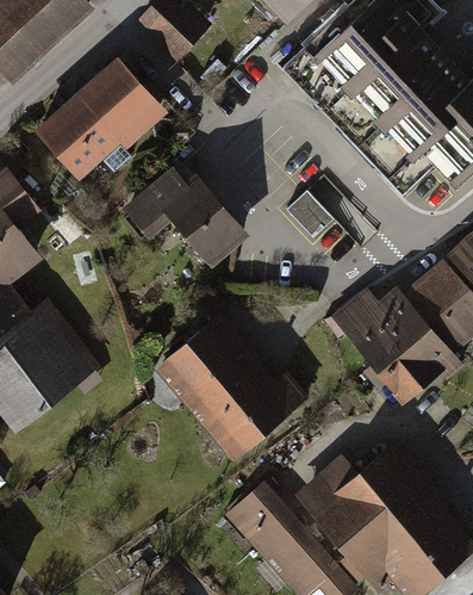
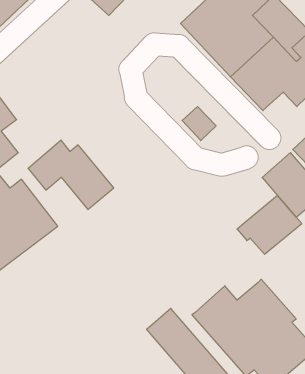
building: [33,56,167,180] -> none
building: [123,166,249,268] -> [28,140,114,210]
building: [330,287,424,366] -> none
building: [154,314,309,461] -> none

